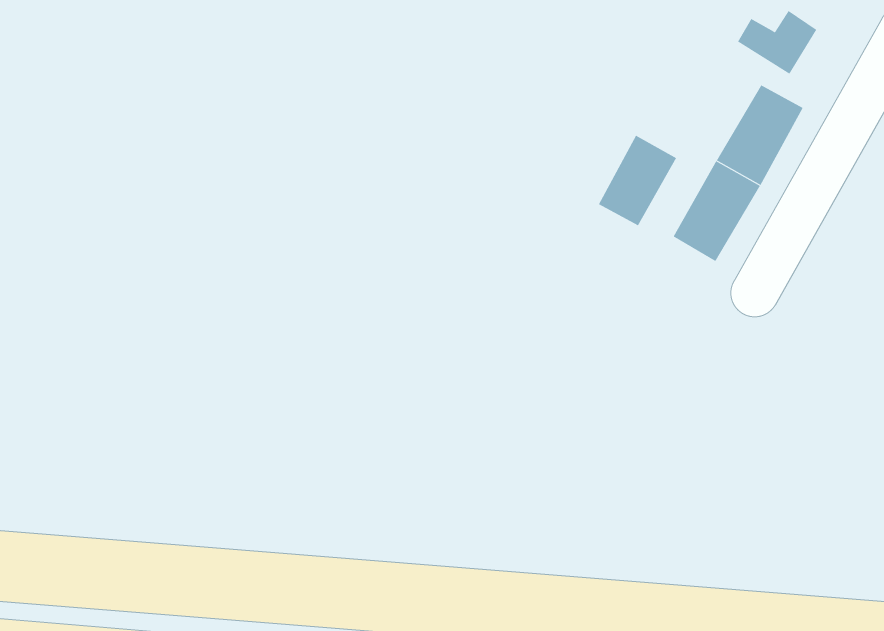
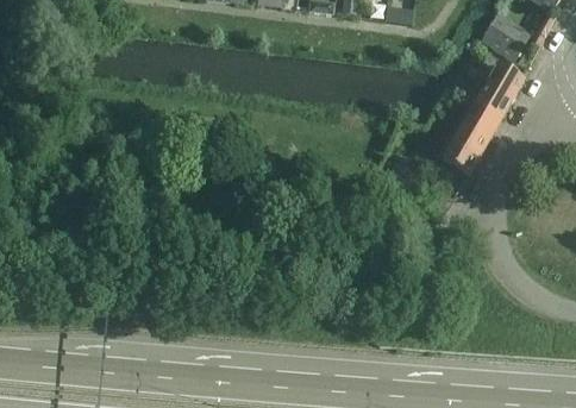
building: [598,135,677,226] -> none

